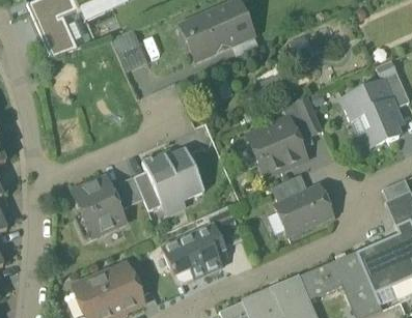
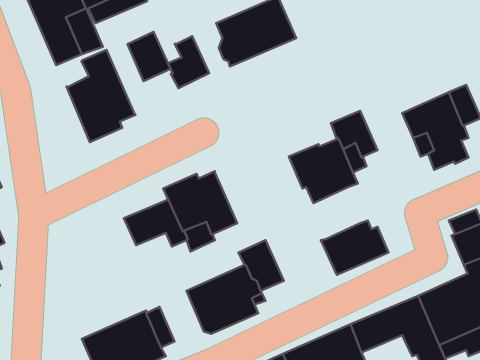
building: none -> [168,36,209,88]
building: none -> [66,50,136,142]
building: [272,173,308,203] -> none
building: [73,176,126,239] -> none

